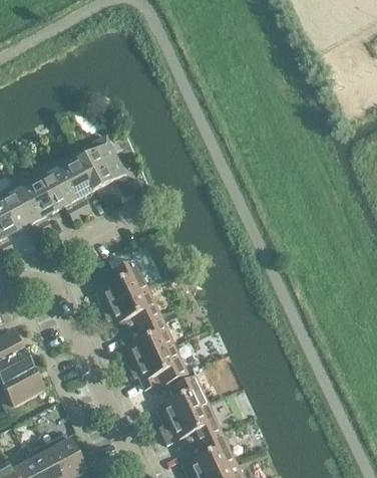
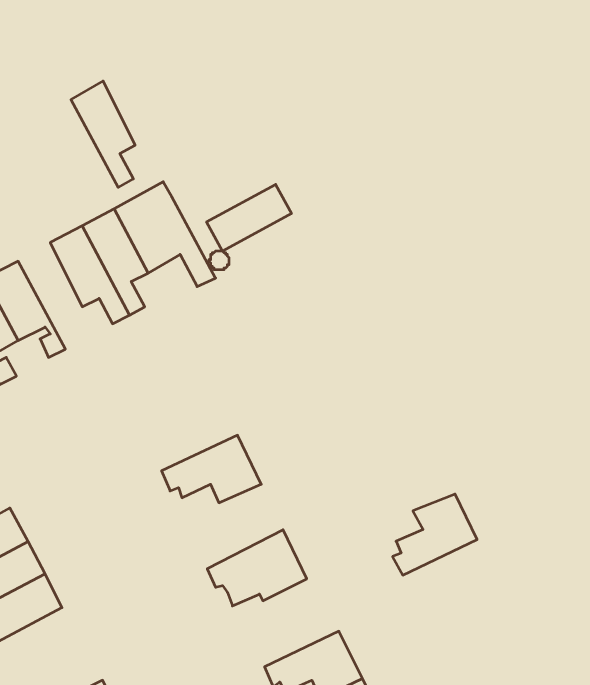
building: none -> [207,184,291,251]
building: [17,174,55,237] -> [71,81,135,187]
building: [97,260,147,309] -> none
building: [123,317,174,368] -> none
building: [157,378,208,426] -> [393,494,477,575]

